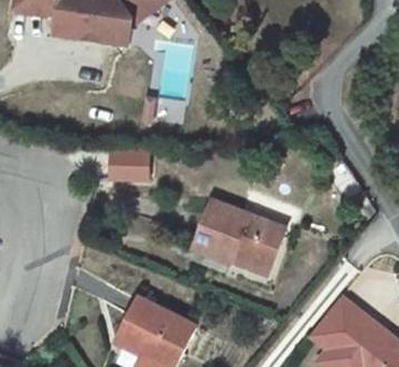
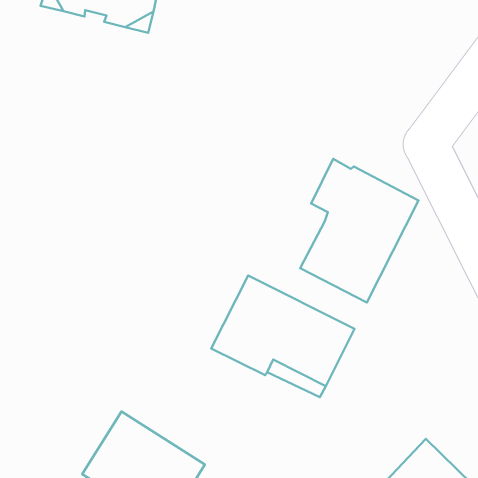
building: none -> [300,159,418,303]
building: [110,149,150,182] -> none

